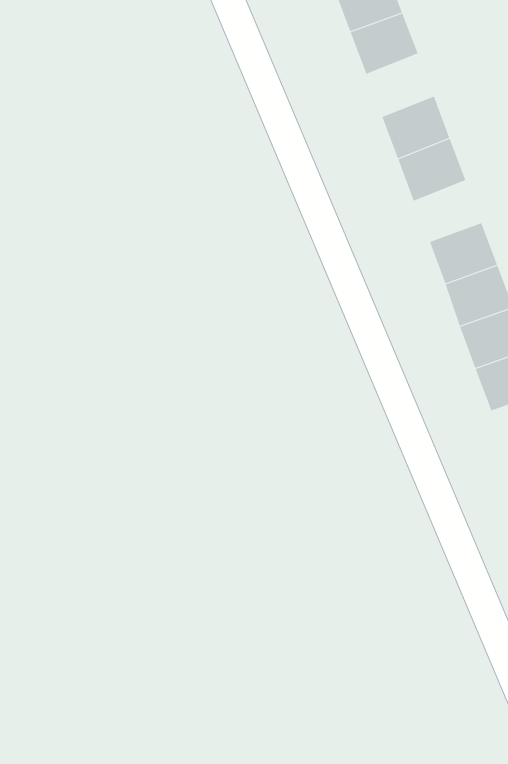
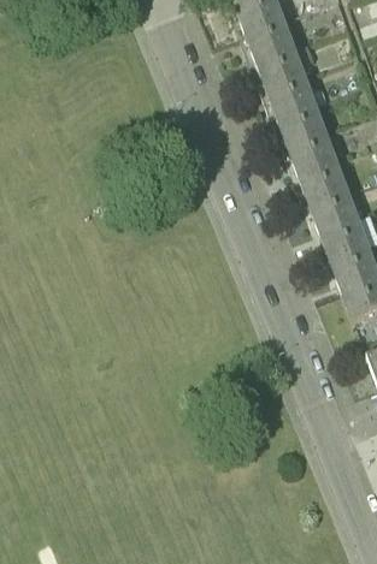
building: none -> [266,71,313,114]
building: none -> [299,158,346,200]

